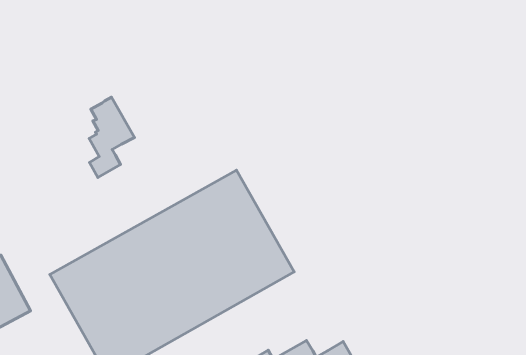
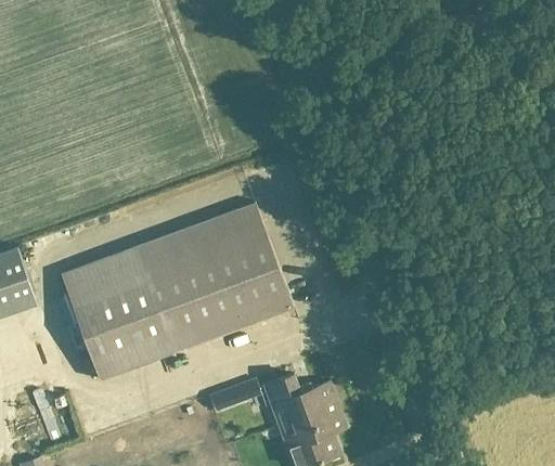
building: [89,97,134,177] -> none

